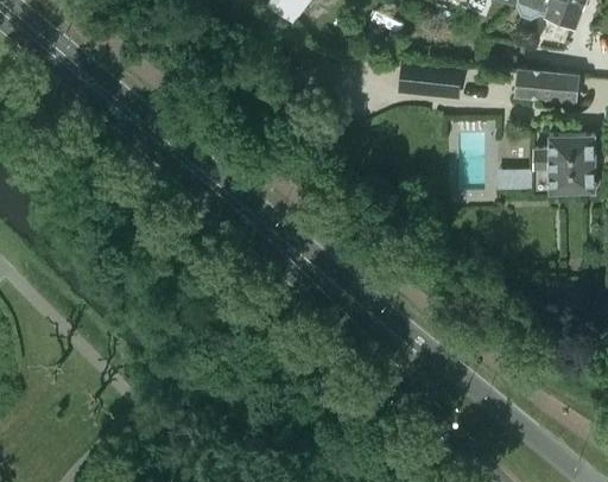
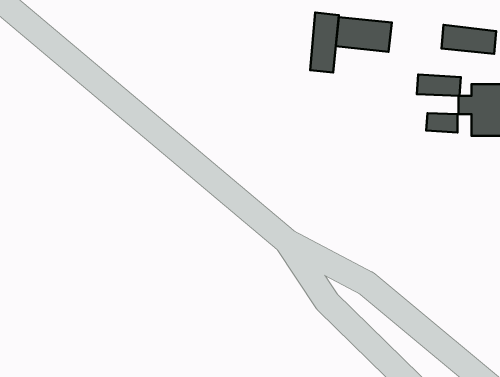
building: none -> [310,12,339,73]
building: none -> [417,75,461,96]

